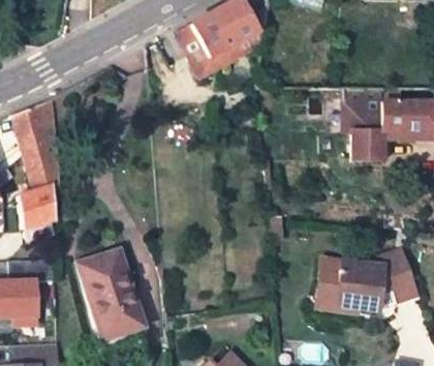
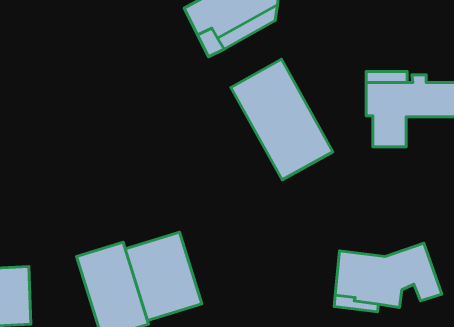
building: none -> [231,59,333,180]
building: [16,98,61,230] -> none
building: none -> [125,232,202,321]

